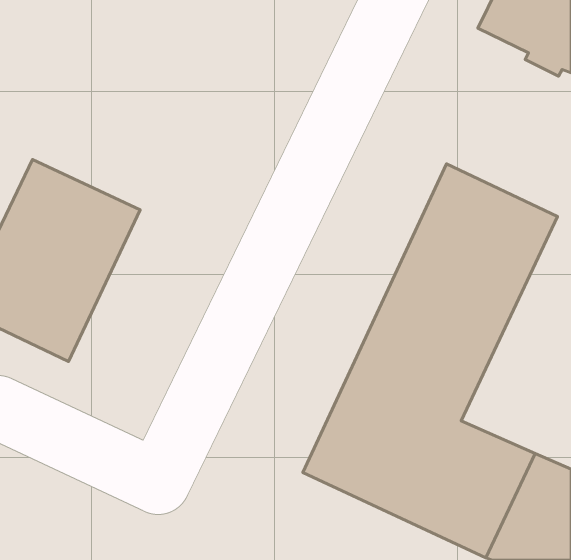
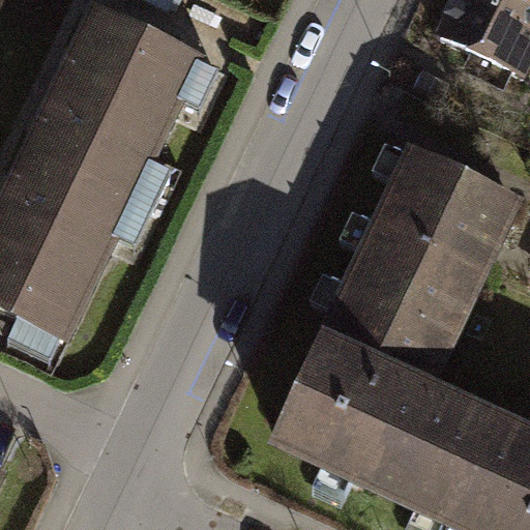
building: none -> [30,9,195,194]

